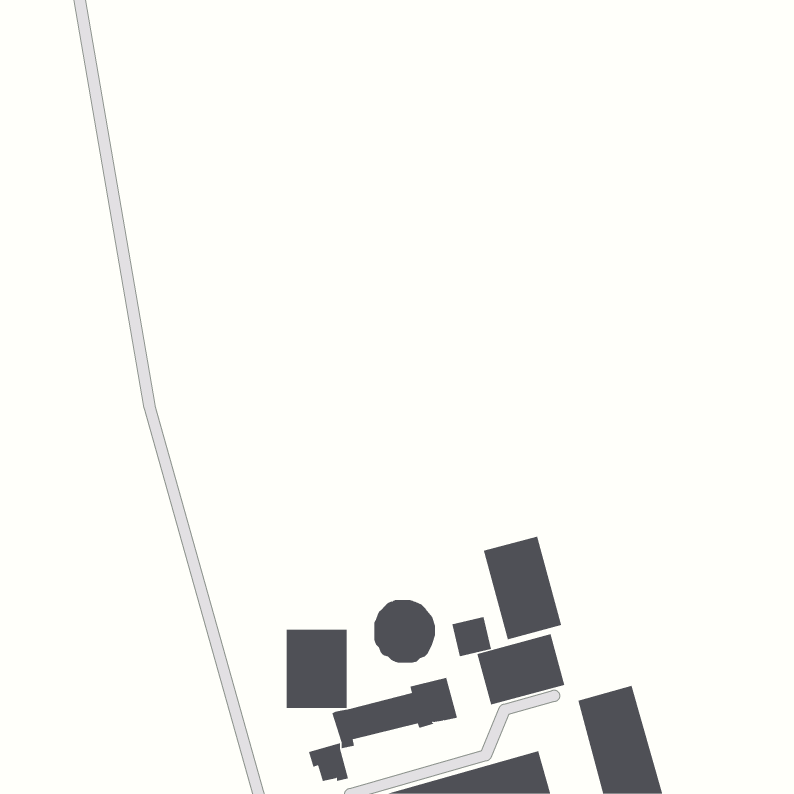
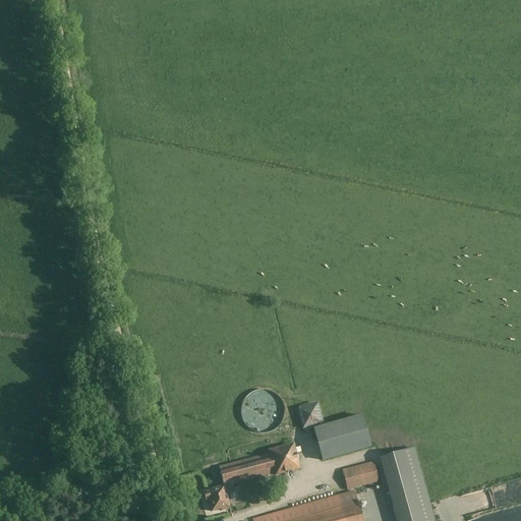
building: [483,536,562,640] -> none
building: [286,629,347,709] -> none
building: none -> [341,462,378,489]

